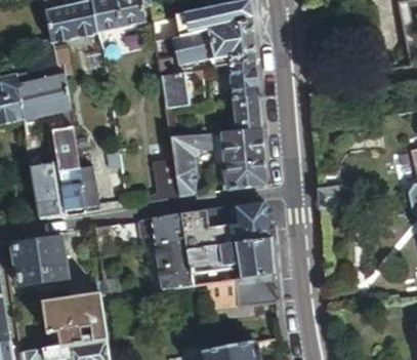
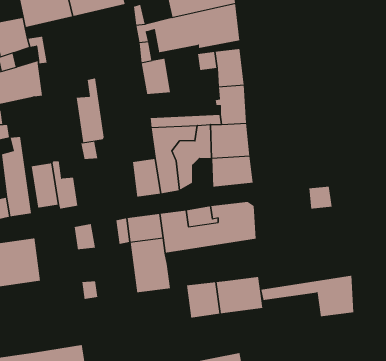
building: [54,110,81,170] -> [76,78,105,143]
building: [185,238,273,277] -> [261,275,354,317]
building: [44,291,110,344] -> none

